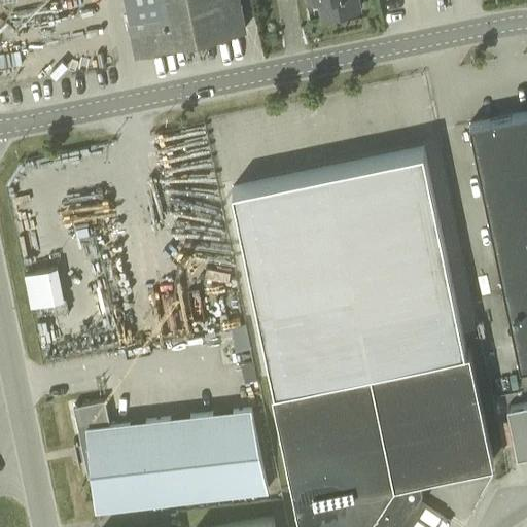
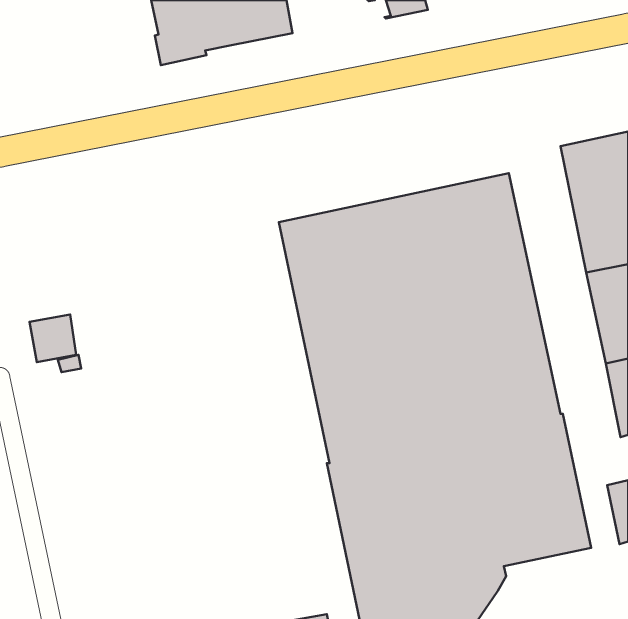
building: [74,406,269,515] -> none

